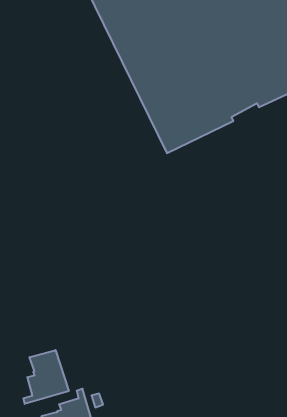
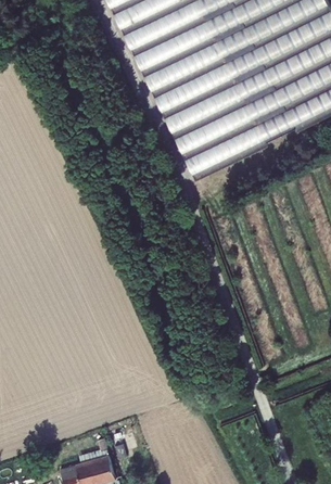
building: [23,350,69,404] -> none

